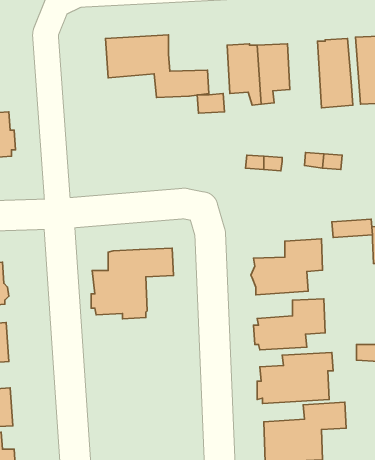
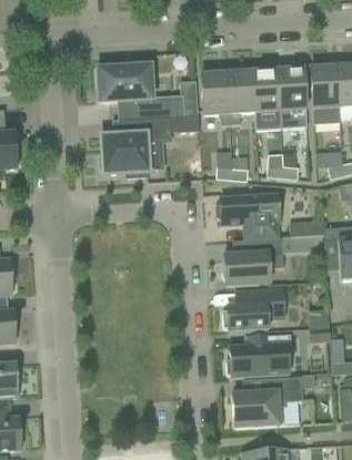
building: none -> [252,70,281,129]
building: none -> [215,194,280,237]
building: [91,248,173,319] -> [100,116,170,176]

